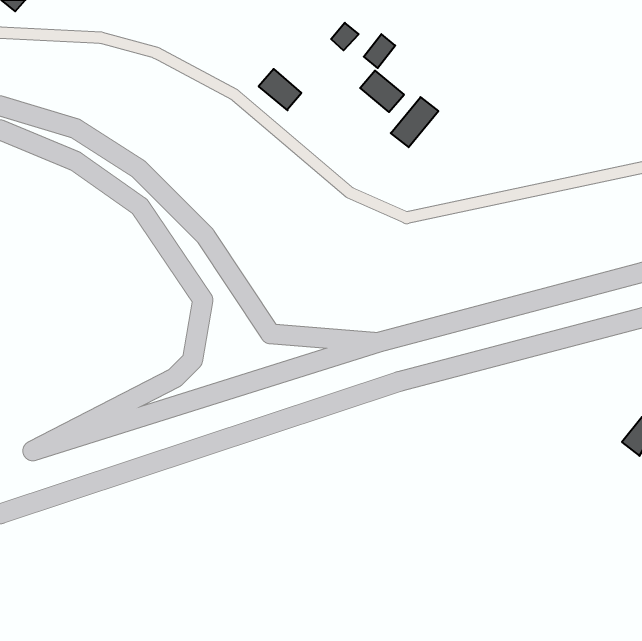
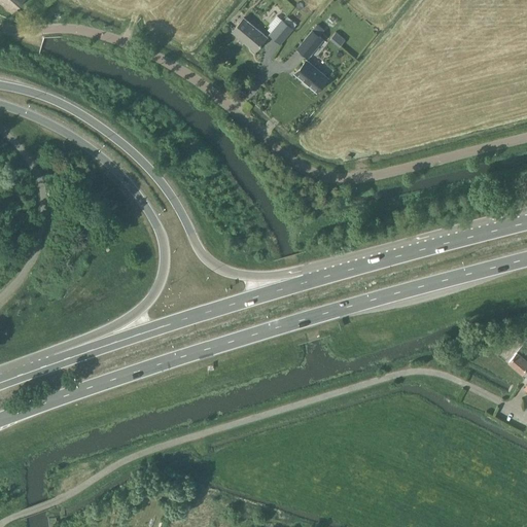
building: [259,69,301,110] -> [233,19,268,52]
building: [391,97,438,147] -> none

